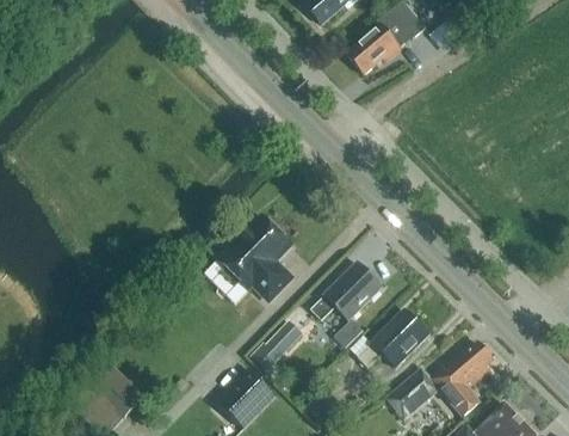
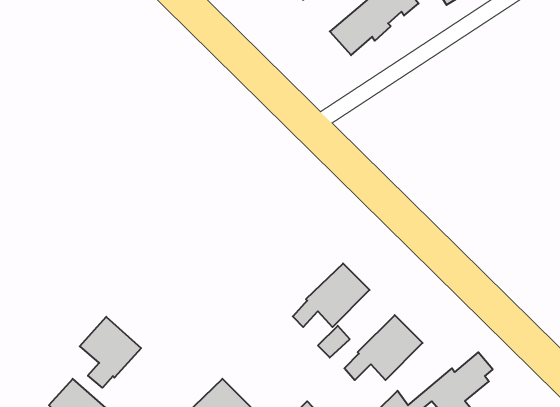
building: [218,214,292,299] -> none
building: none -> [80,317,141,388]
building: [249,319,303,371] -> none

